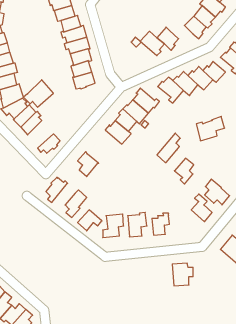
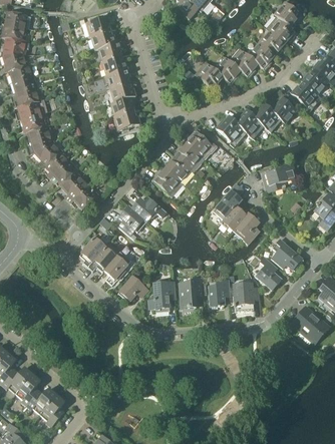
building: none -> [230,47,258,77]
building: [23,80,53,107] -> [54,168,90,201]
building: none -> [131,197,166,221]
building: none -> [221,203,249,231]
building: none -> [88,244,116,272]
building: [172,263,193,286] -> [234,283,259,310]

